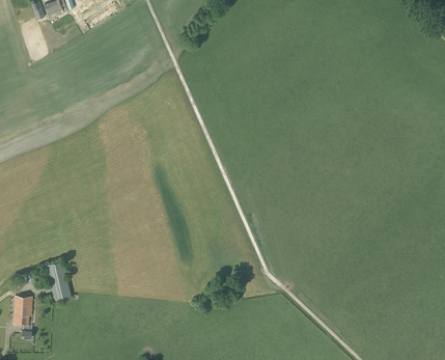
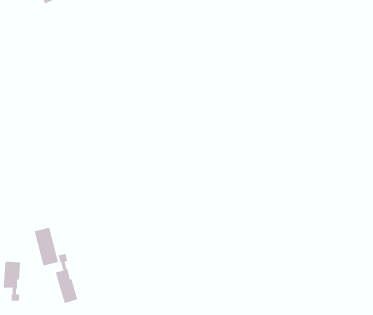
building: none -> [55,253,78,304]

